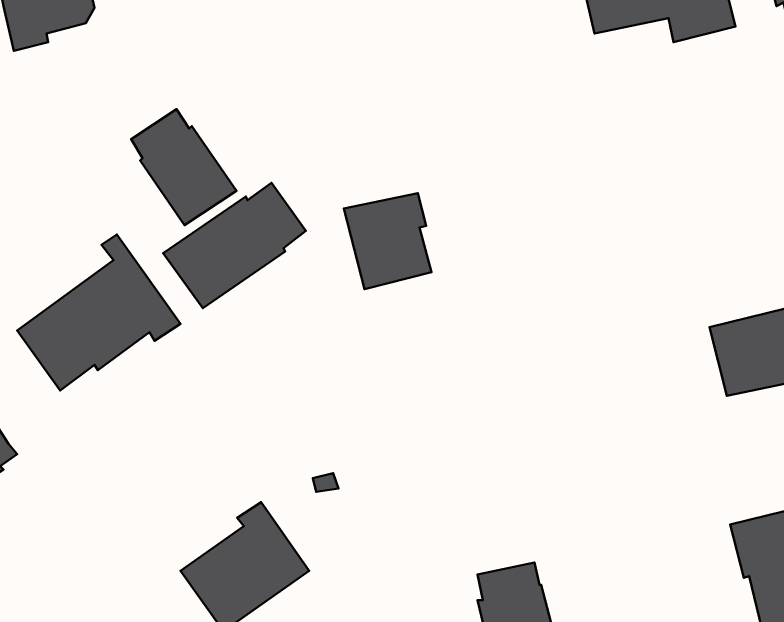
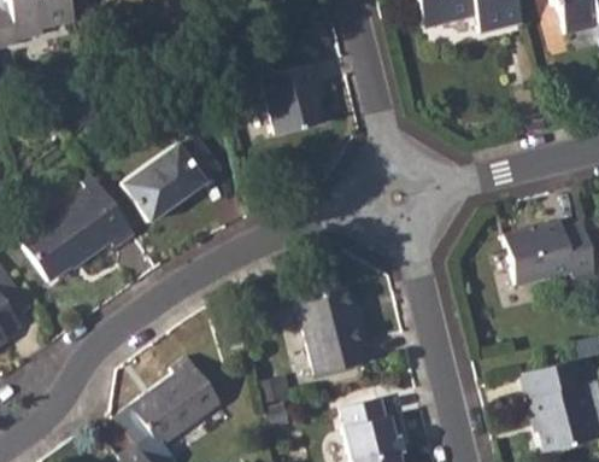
building: [131,109,236,225] -> none
building: [344,193,431,289] -> [262,68,323,135]
building: none -> [295,290,369,376]

